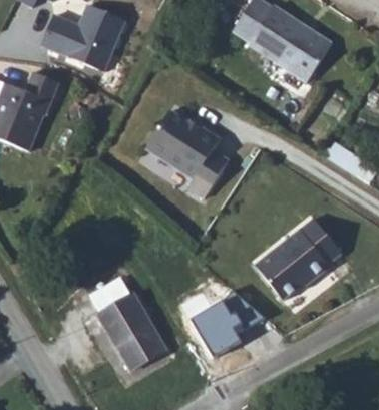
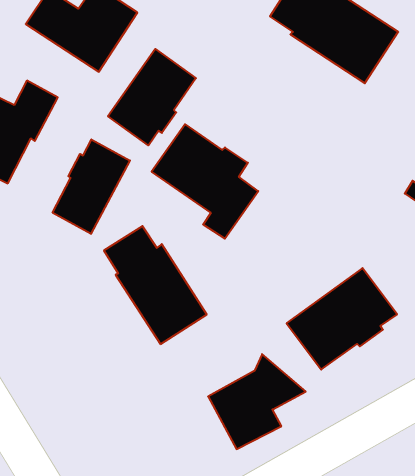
building: none -> [108,49,196,145]
building: none -> [53,139,130,234]
building: [85,282,165,374] -> [104,226,207,344]

